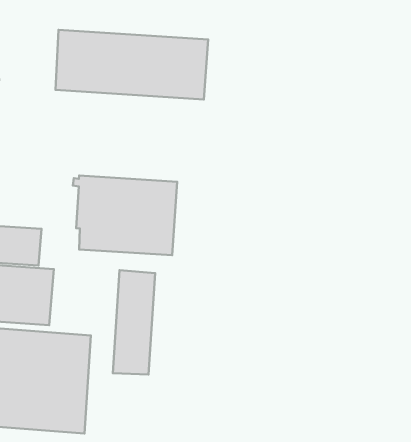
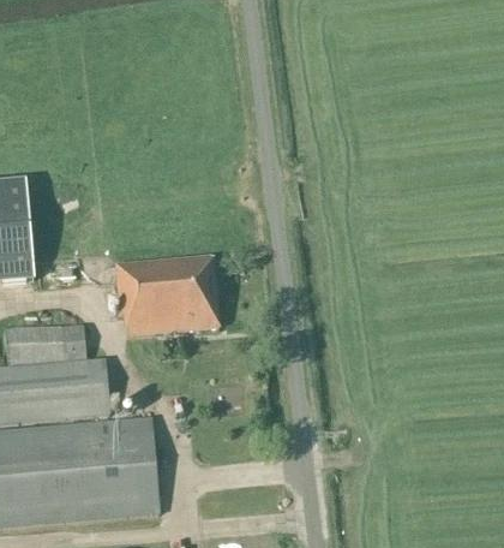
building: [56,30,208,100] -> none
building: [113,270,155,375] -> none

